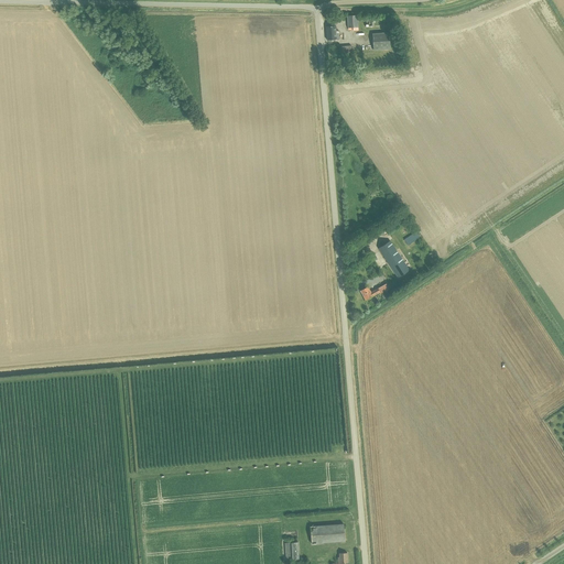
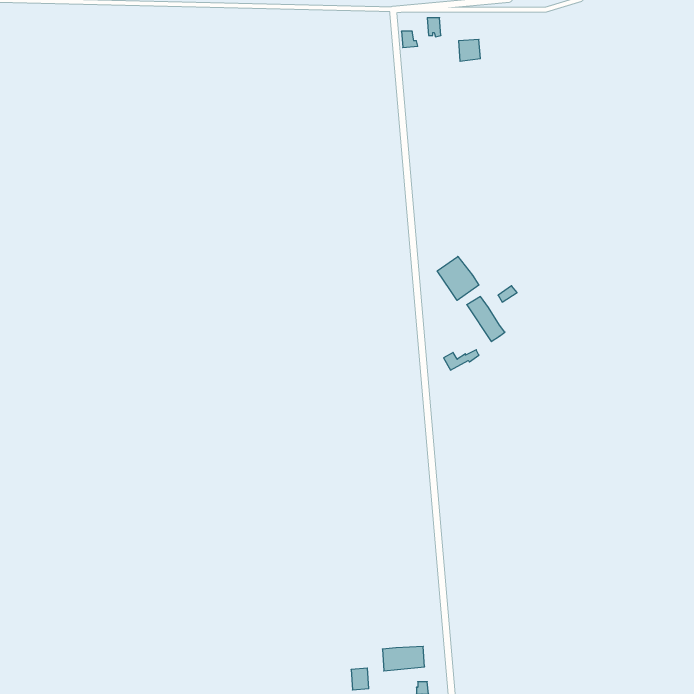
building: none -> [437,256,479,300]

